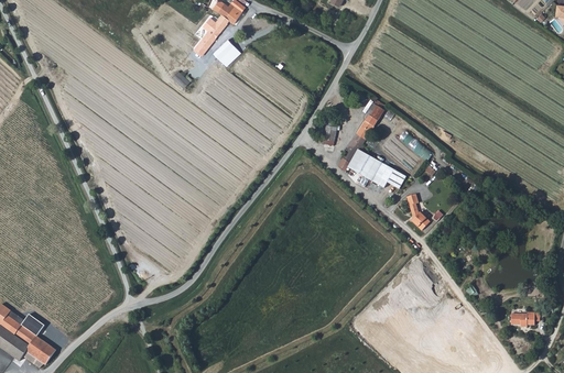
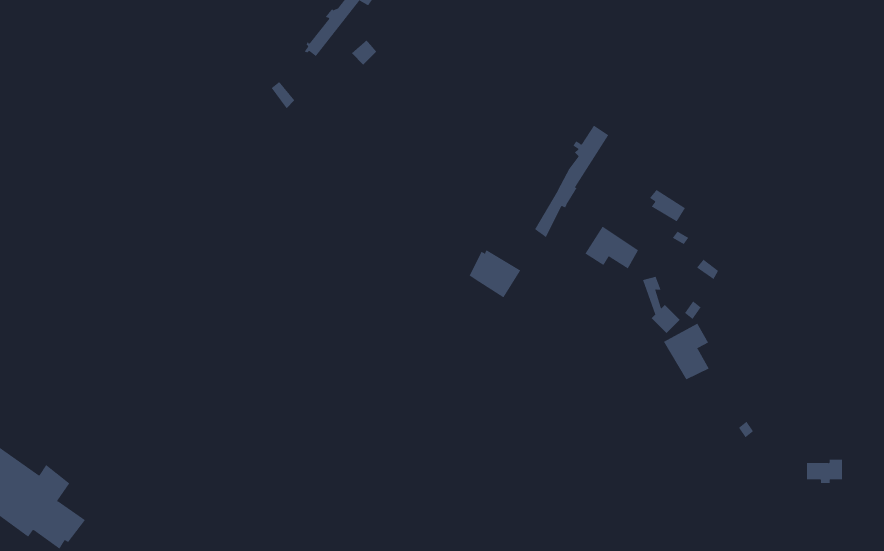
building: [348,150,381,180] -> [469,249,521,298]
building: none -> [663,323,709,380]

